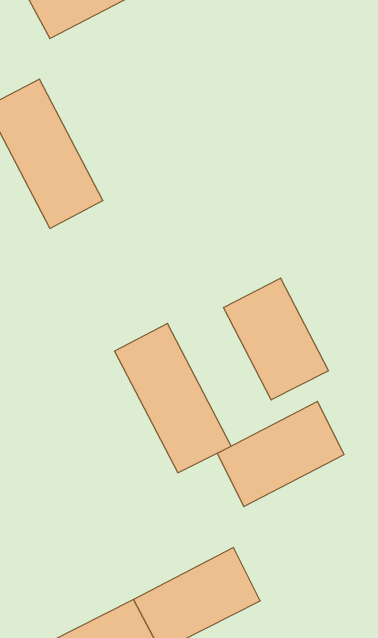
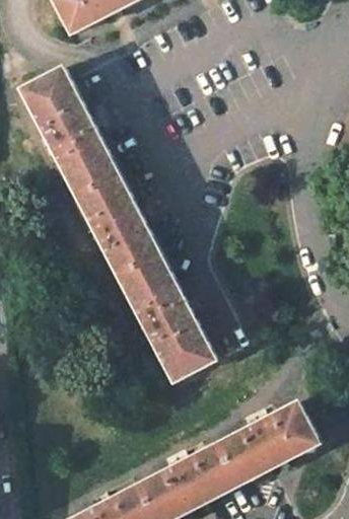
building: none -> [70,164,164,285]
building: [223,278,328,400] -> none
building: [217,401,344,507] -> [217,400,319,485]

